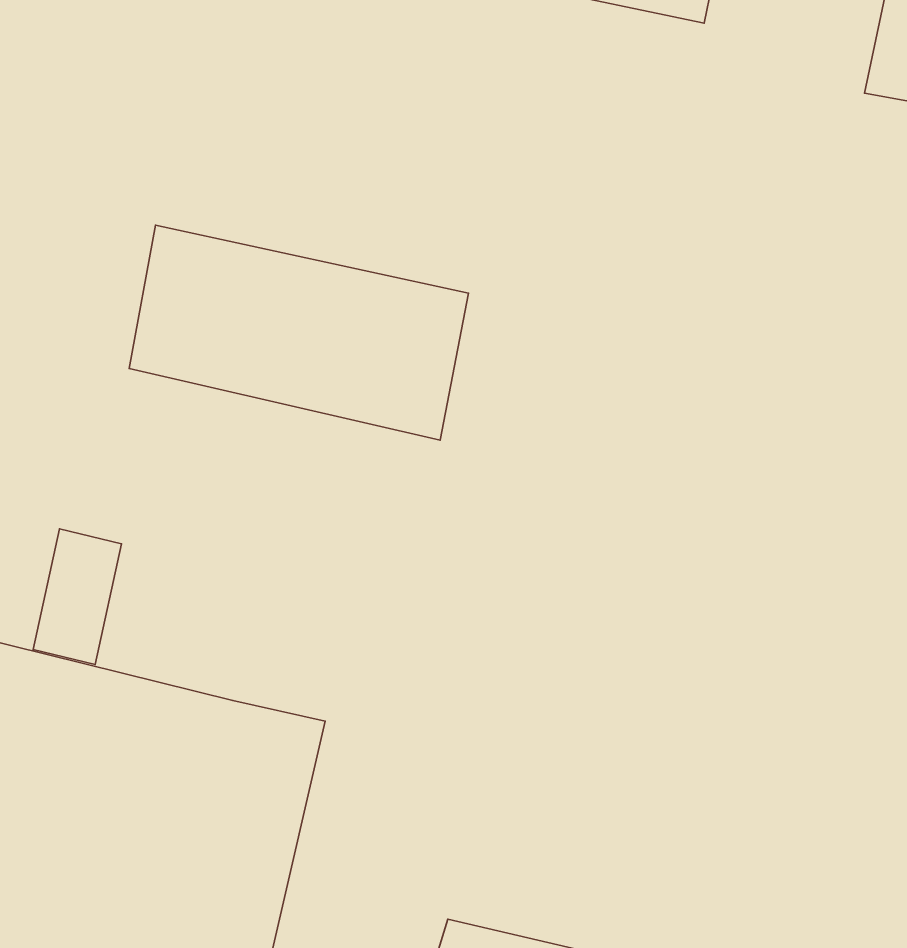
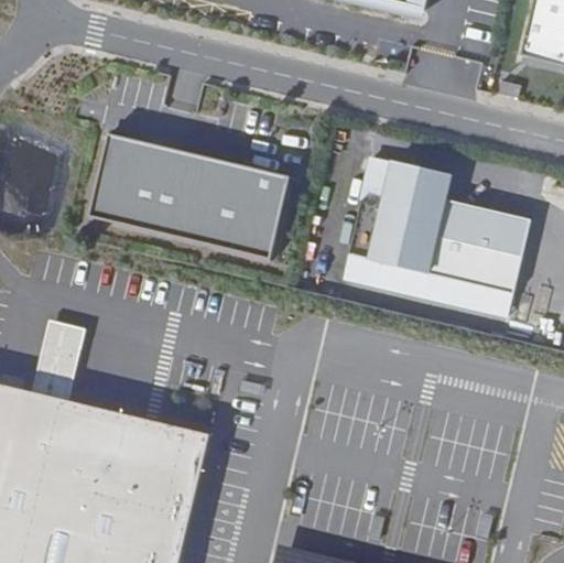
building: none -> [337,155,532,317]

